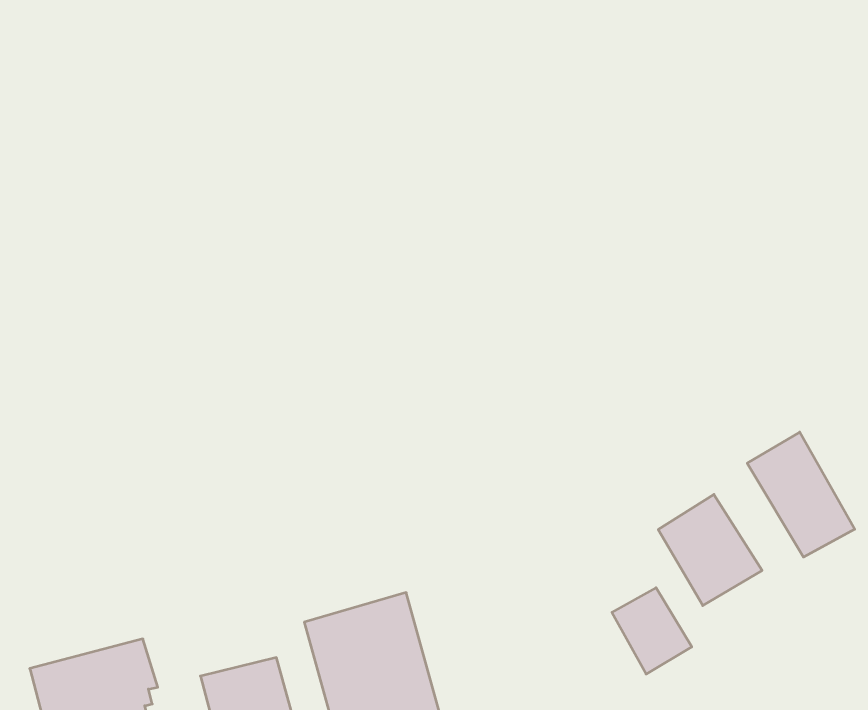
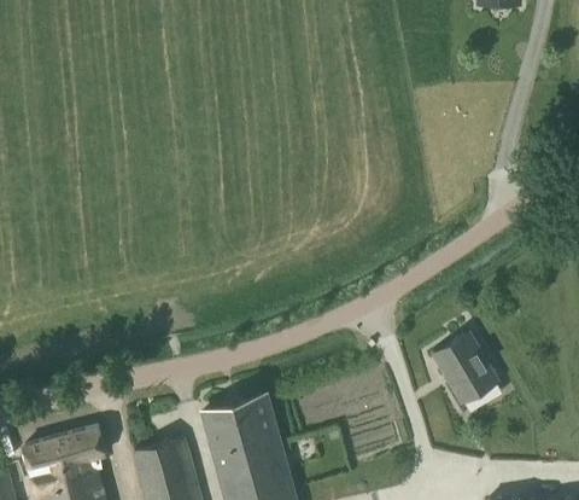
building: [747,432,855,557] -> none
building: [612,588,692,674] -> none

